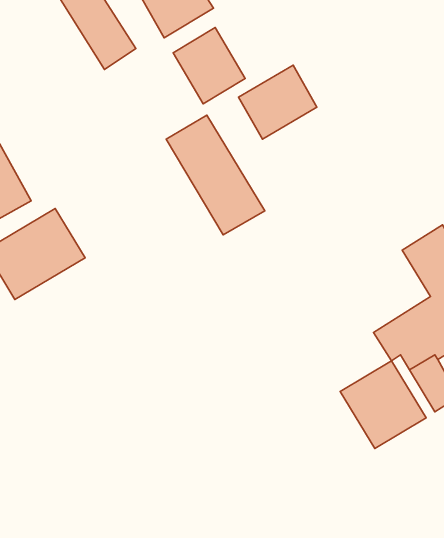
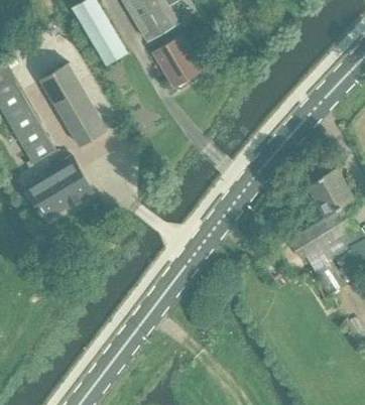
building: [239,65,317,139] -> none
building: [166,115,265,235] -> [40,63,107,144]
building: [340,361,426,449] -> none

